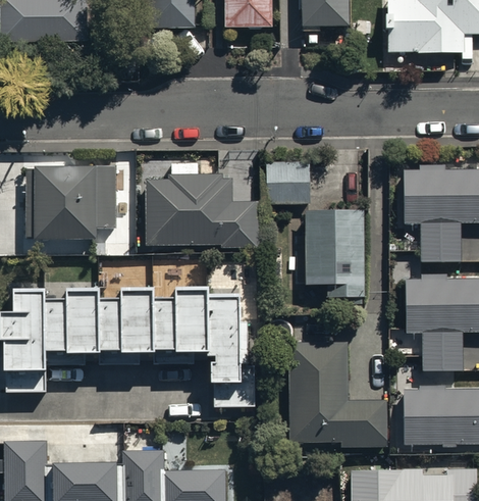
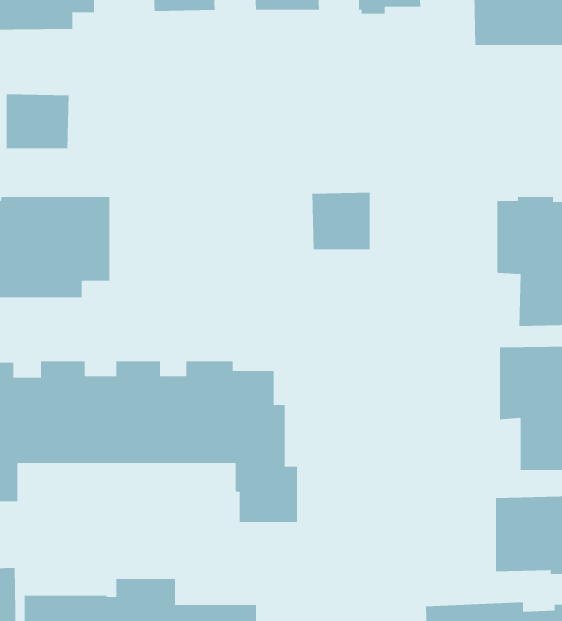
building: none -> [6,93,69,149]
building: [146,162,258,250] -> none
building: [305,210,364,303] -> none
building: [289,344,387,448] -> none

